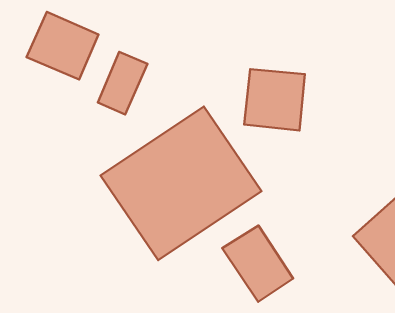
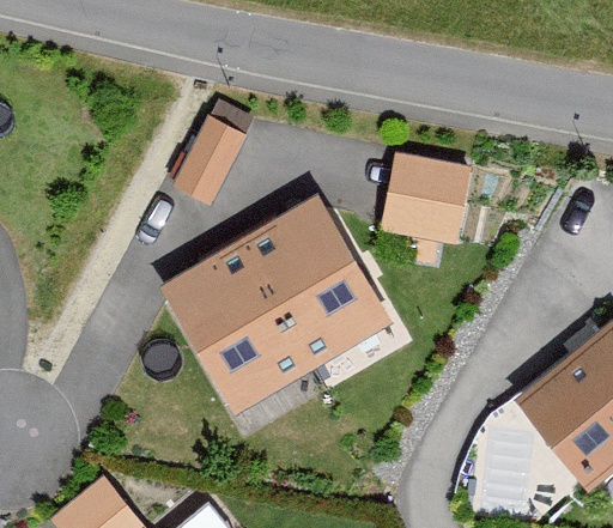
building: [26,12,99,80] -> none
building: [222,226,293,302] -> none

